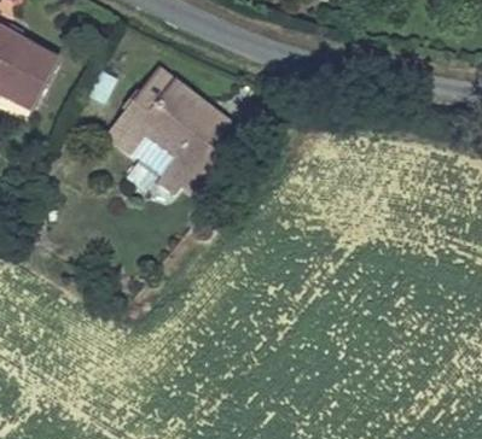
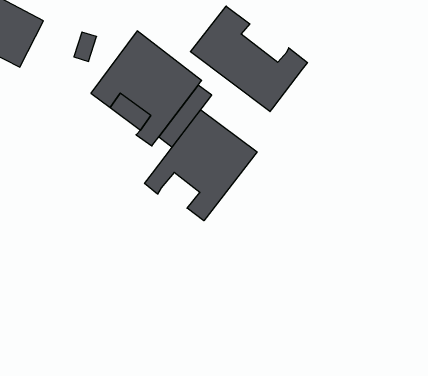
building: none -> [190,6,307,112]
building: none -> [145,110,257,221]

